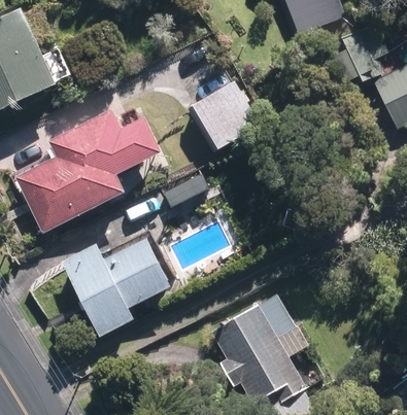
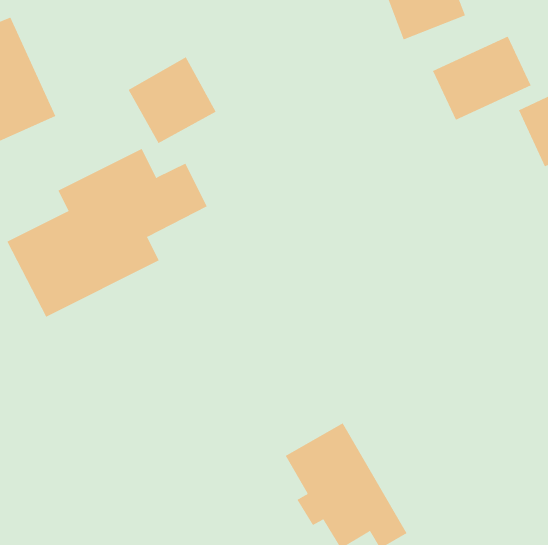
building: [192,79,255,141] -> [128,56,217,144]
building: [65,238,168,328] -> none

